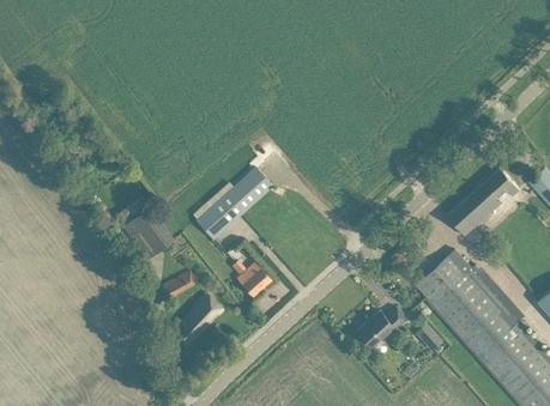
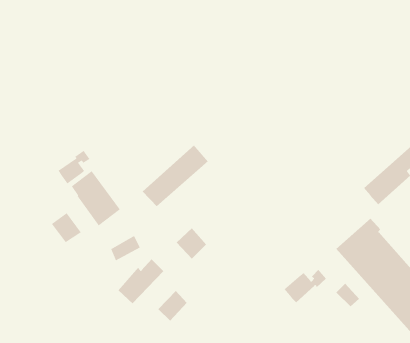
building: none -> [58,150,90,185]
building: none -> [51,212,82,243]
building: none -> [157,290,188,321]

